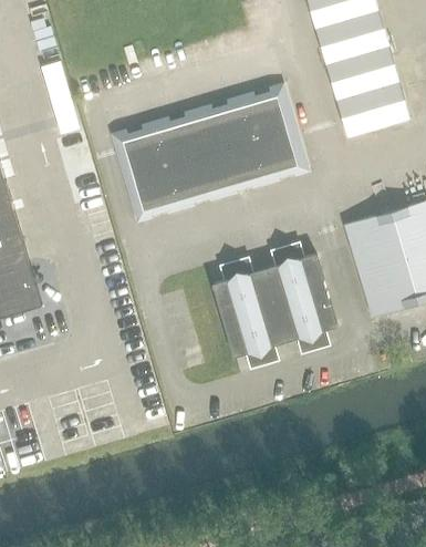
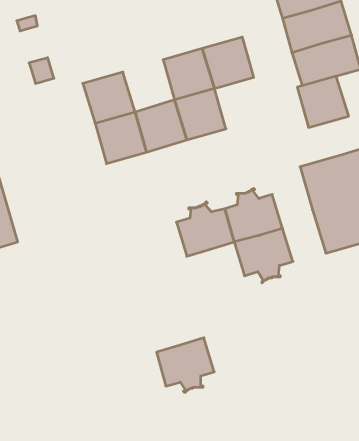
building: [155,109,210,165] -> none
building: [253,127,309,183] -> [297,76,349,127]
building: [224,305,285,363] -> [157,338,214,392]

